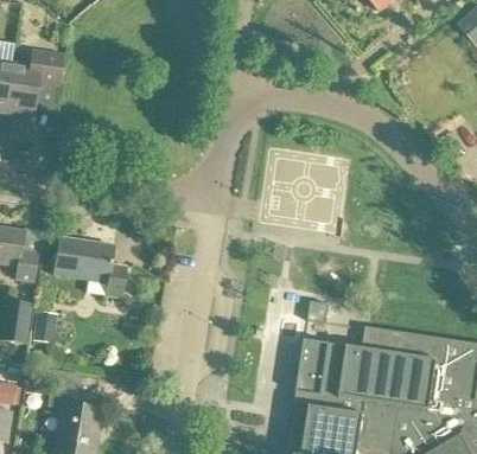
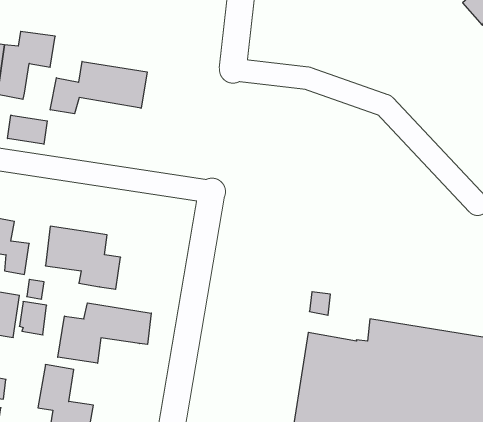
building: none -> [50,61,147,114]
building: none -> [8,115,47,144]
building: none -> [58,303,151,363]

